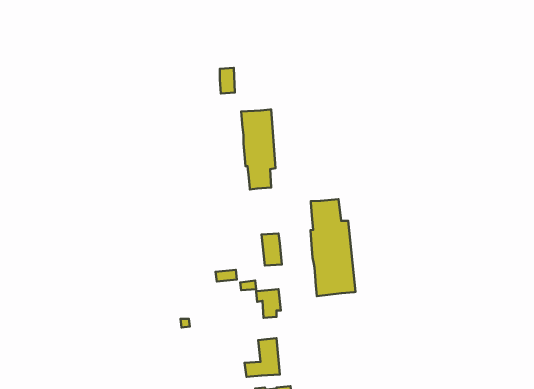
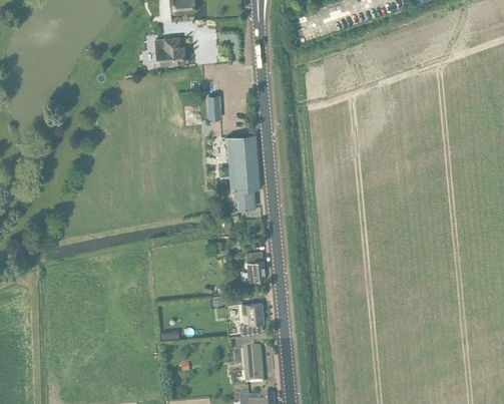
building: none -> [156,38,185,66]
building: [310,199,355,296] -> none

